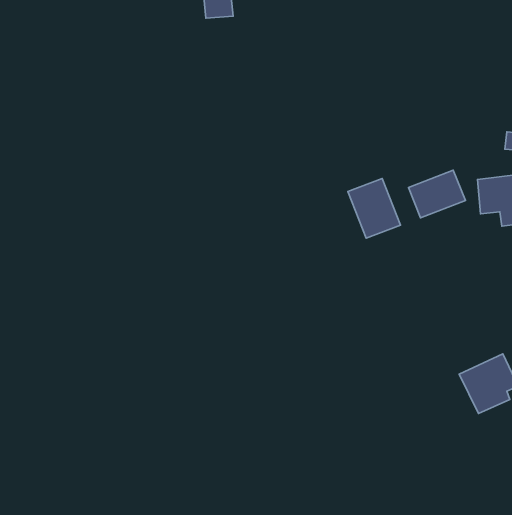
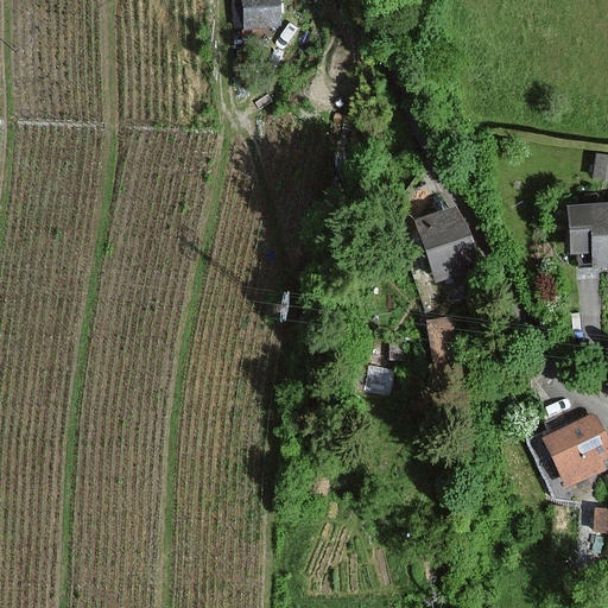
building: [408,170,465,218] -> none

